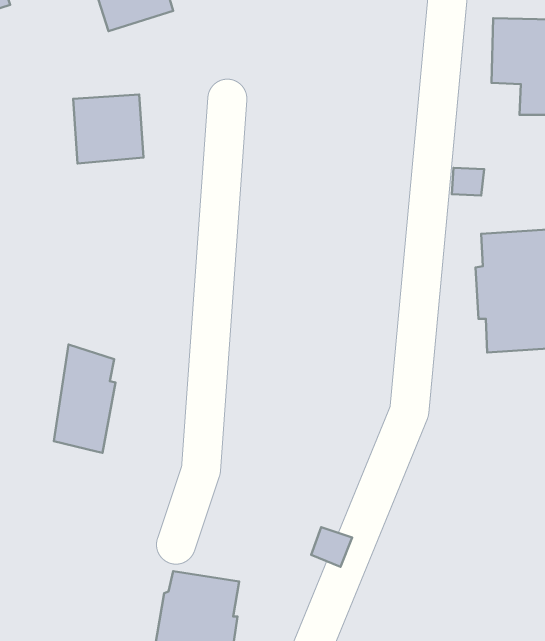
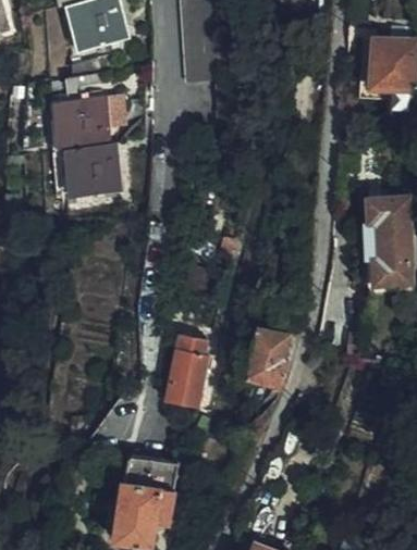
building: none -> [50,145,121,200]
building: [54,344,116,453] -> [164,322,210,402]
building: none -> [243,328,286,390]

